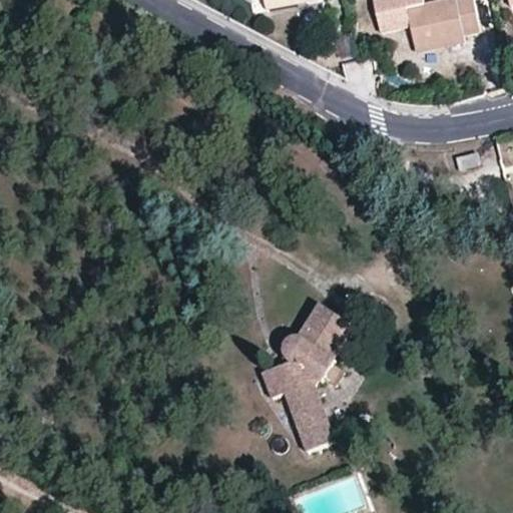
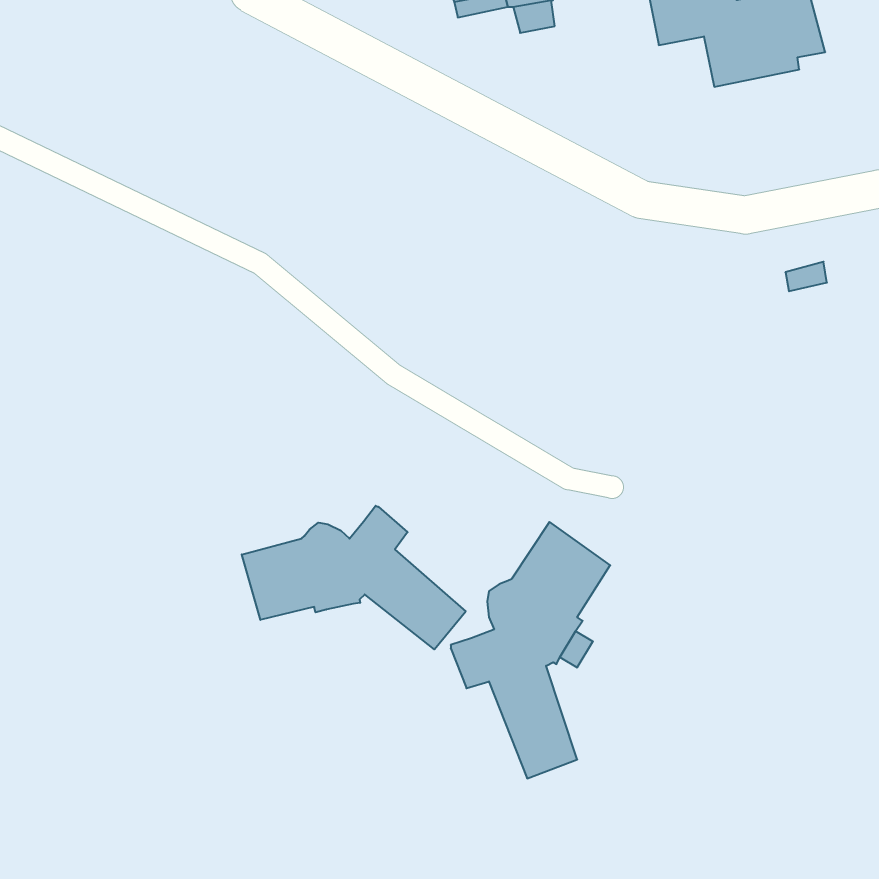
building: none -> [242,506,466,649]

